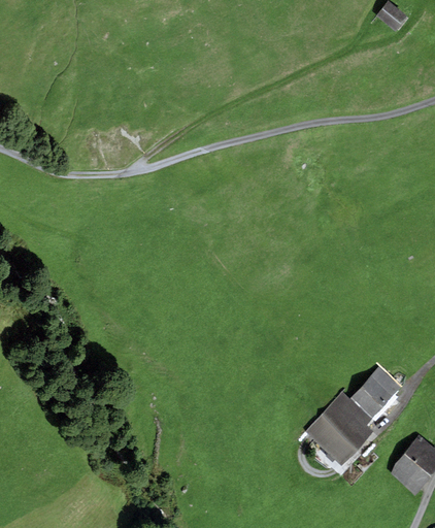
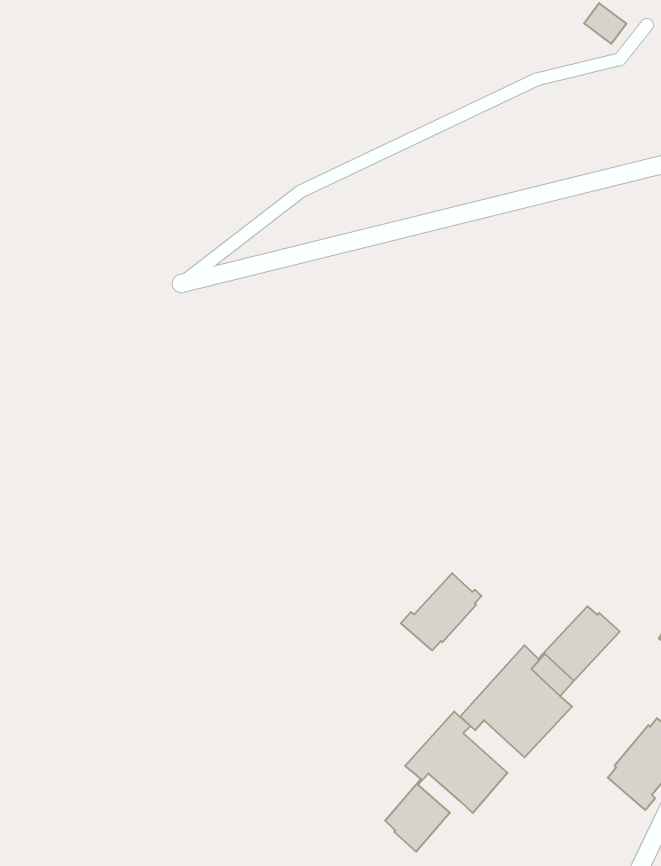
building: none -> [401,573,482,650]
building: none -> [385,711,508,852]

